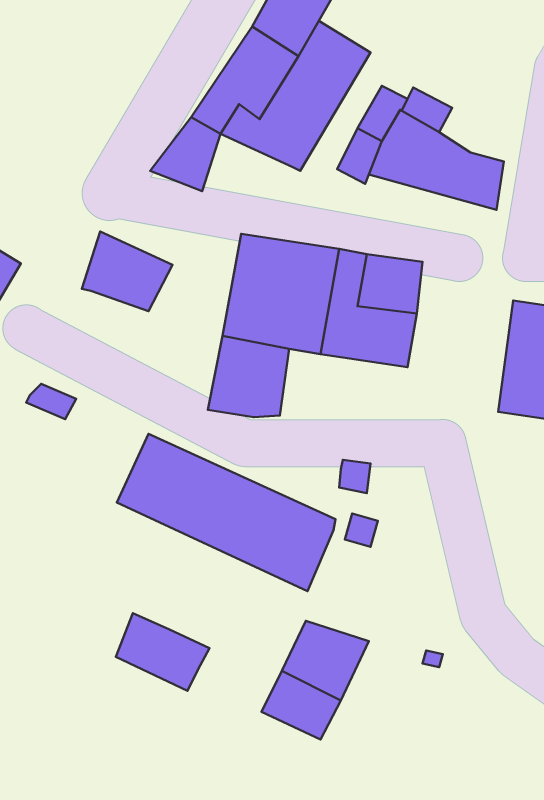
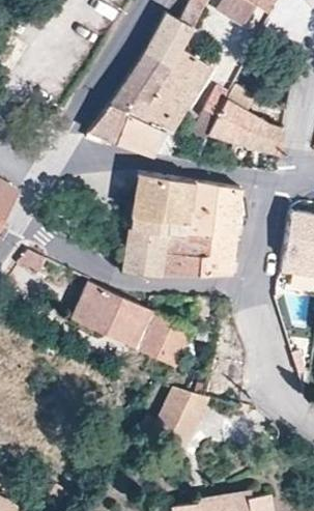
building: [82,232,172,311] -> [117,113,168,158]
building: none -> [161,233,232,271]
building: [116,613,210,691] -> none

